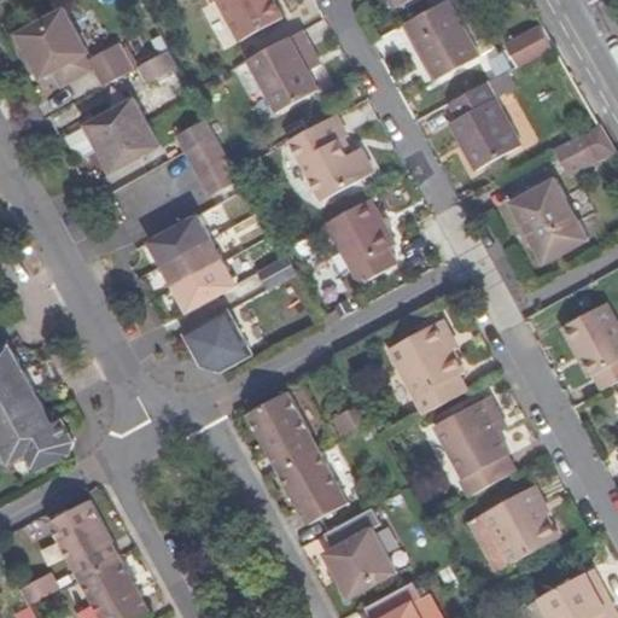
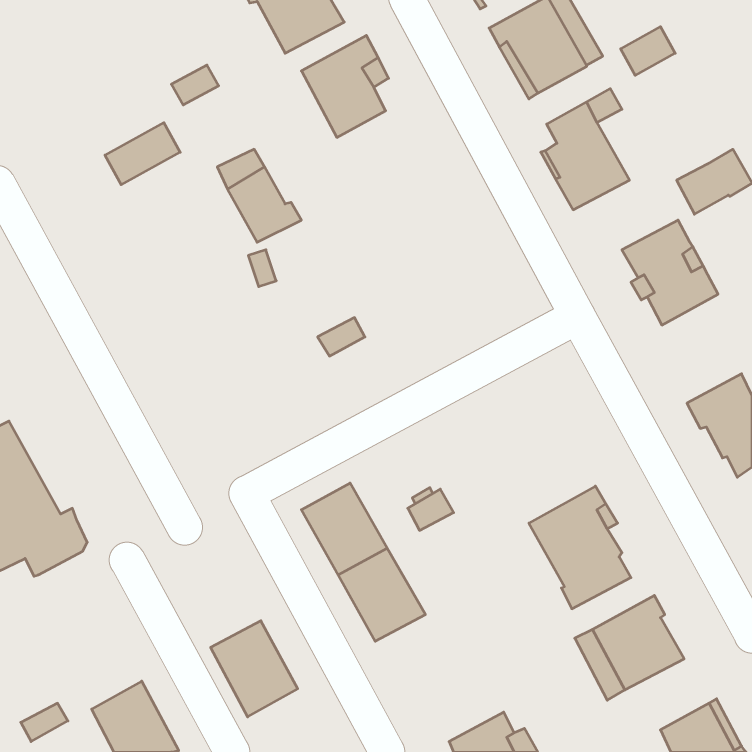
building: [14,12,130,87] -> none
building: [287,115,371,198] -> none
building: [99,124,159,174] -> none
building: [326,199,396,286] -> none
building: [151,217,238,315] -> none
building: [179,309,249,369] -> none
building: [386,319,467,415] -> none
building: [45,501,116,579] -> [211,621,298,717]
building: [322,508,396,601] -> none

